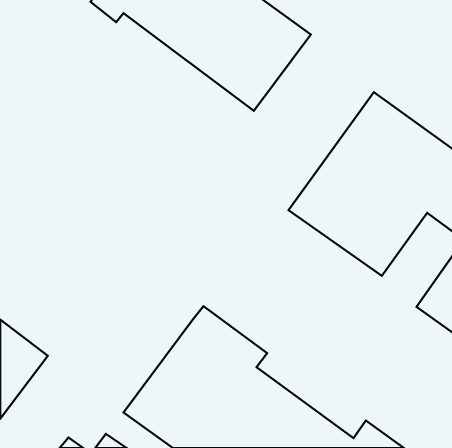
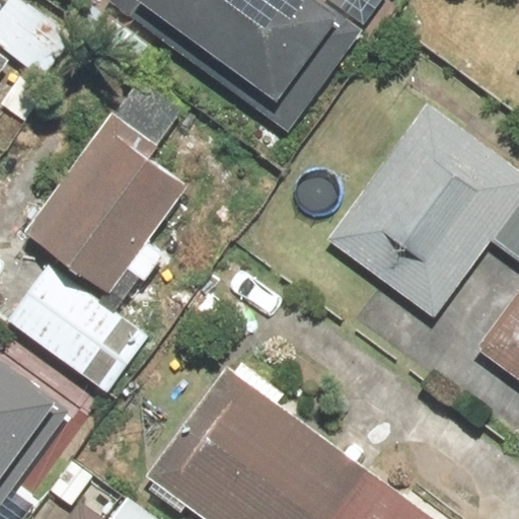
building: none -> [19,82,187,300]
building: none -> [9,271,123,378]

